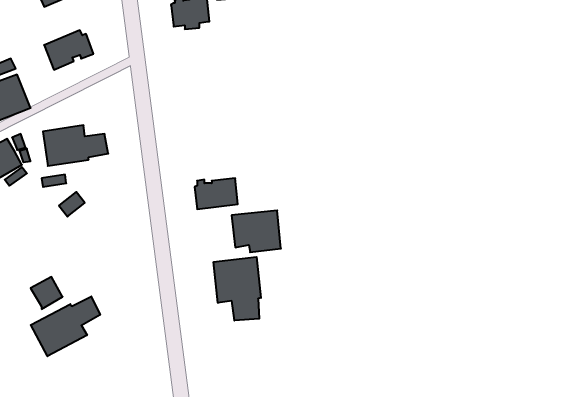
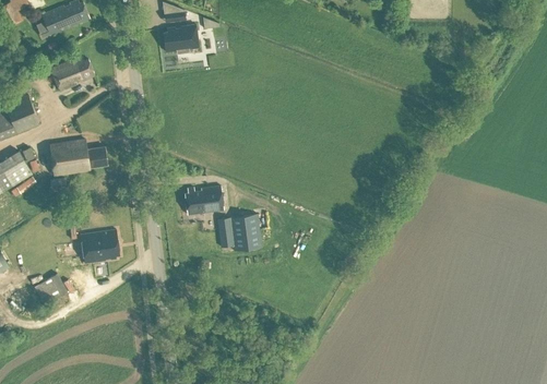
building: none -> [78,230,118,264]
building: [214,257,261,321] -> none
building: [31,296,100,356] -> none

